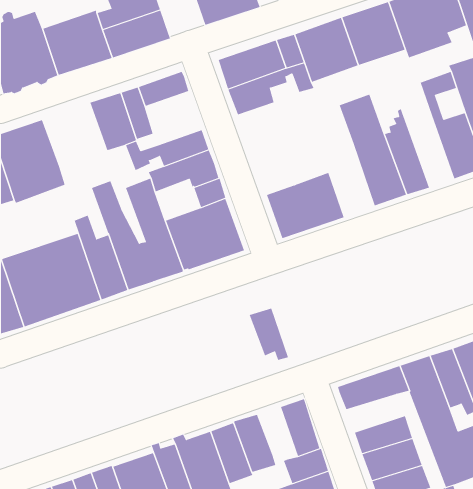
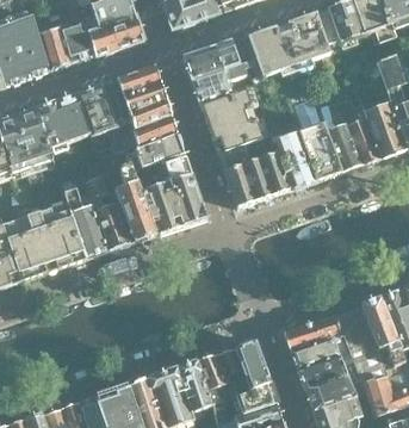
building: none -> [123,82,171,128]
building: none -> [200,88,259,169]
building: none -> [37,92,91,145]
building: none -> [337,95,382,163]
building: none -> [271,126,315,188]
building: [249,308,289,360] -> [217,347,250,391]
building: none -> [291,336,341,368]

